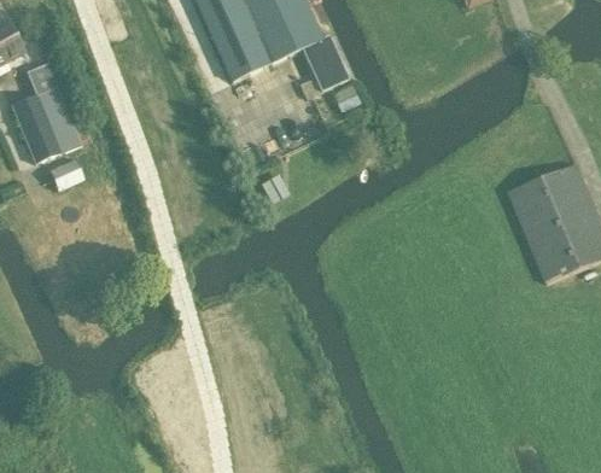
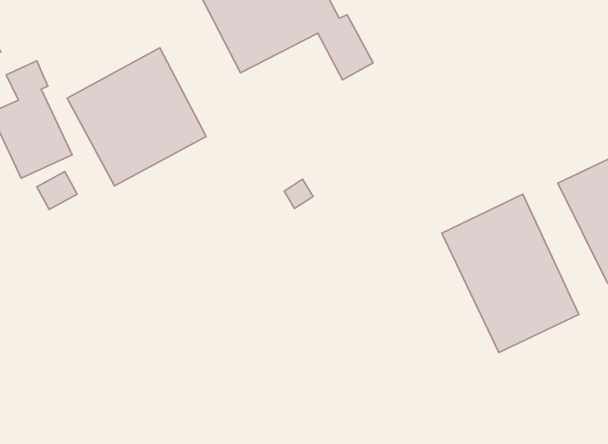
building: none -> [67,48,206,186]
building: none -> [442,194,579,352]

